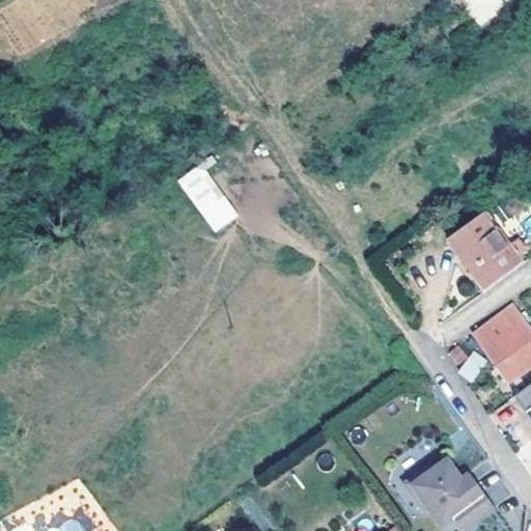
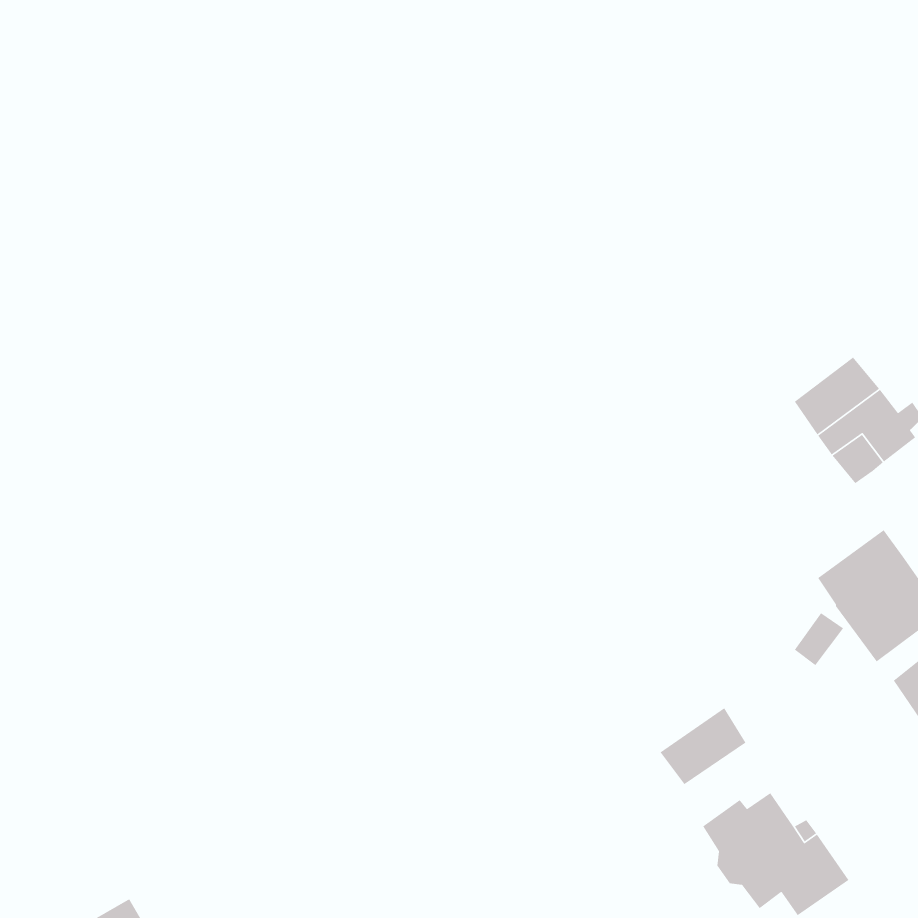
building: [179,164,239,235] -> none
building: none -> [659,707,746,785]

